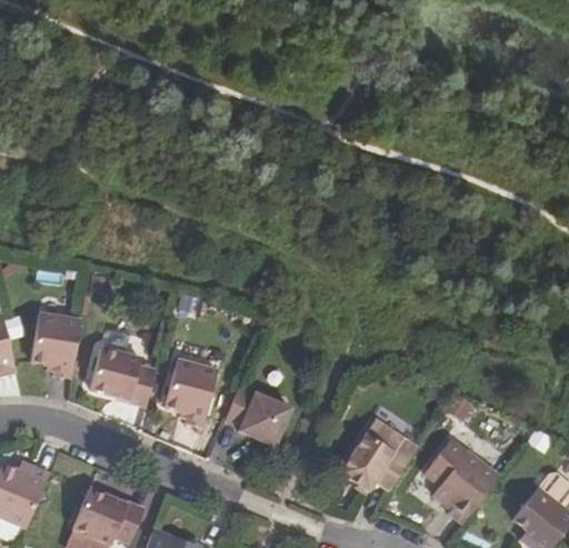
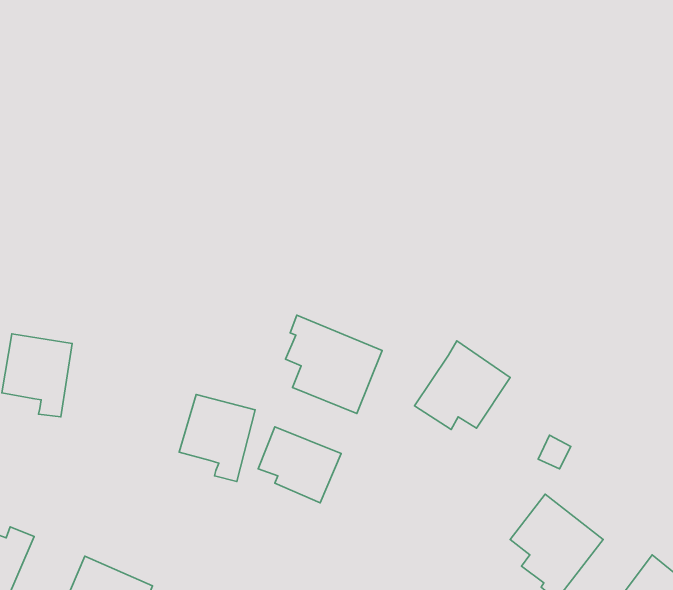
building: none -> [285,315,382,413]
building: [89,347,154,402] -> none
building: [340,419,416,489] -> [415,341,510,430]

